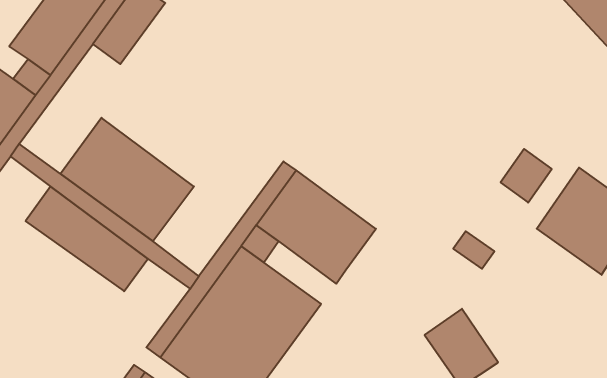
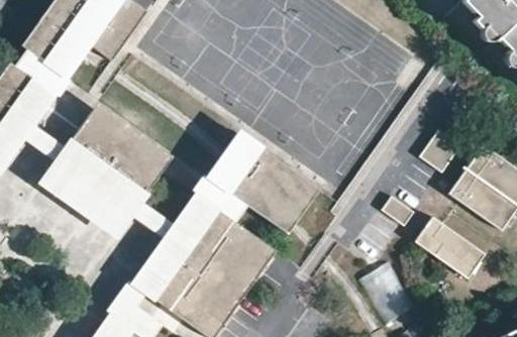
building: none -> [415,213,486,275]

